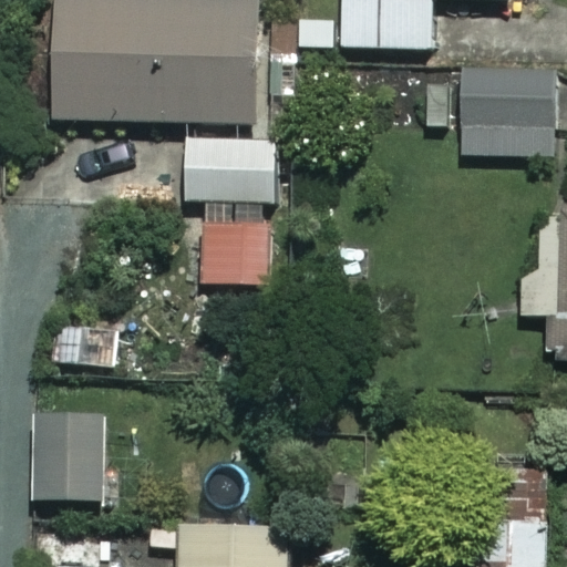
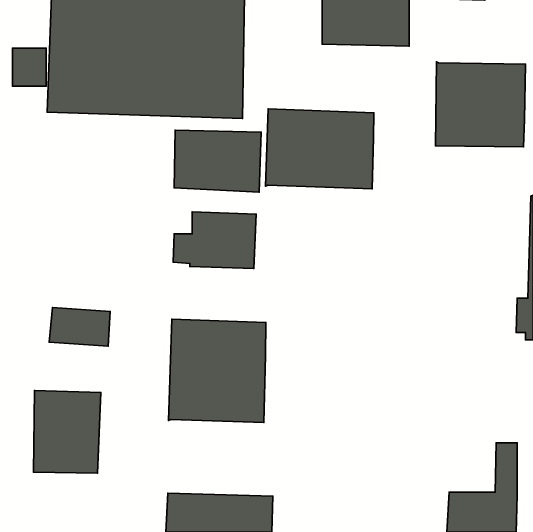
building: none -> [265,109,374,189]
building: none -> [169,319,266,422]

